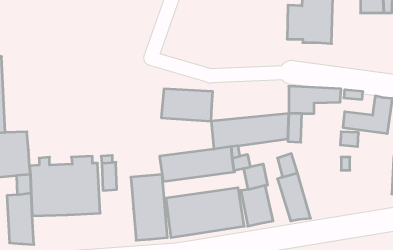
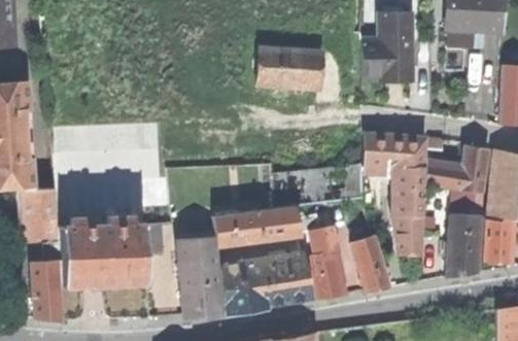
building: [161,89,213,121] -> [256,49,317,88]
building: none -> [392,152,424,254]
building: none -> [447,193,482,276]

